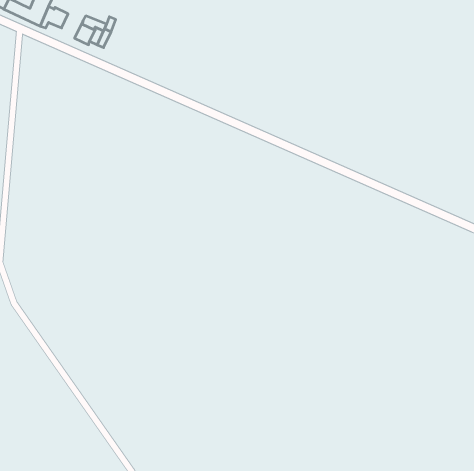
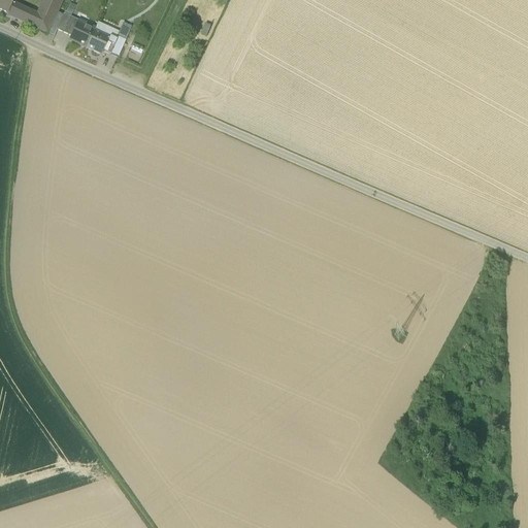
building: none -> [66,15,92,42]

